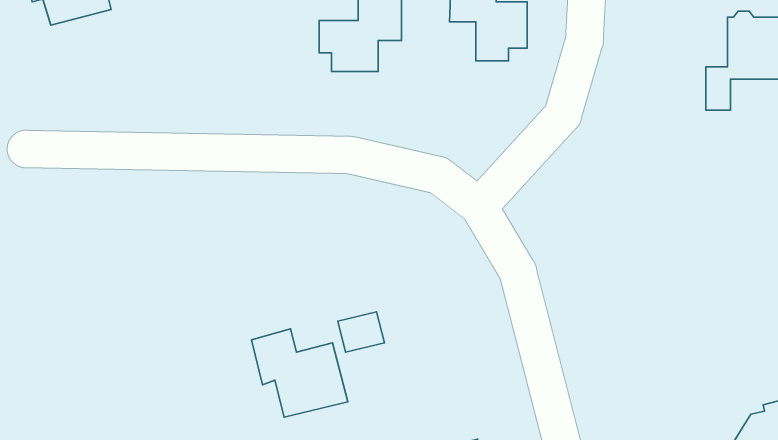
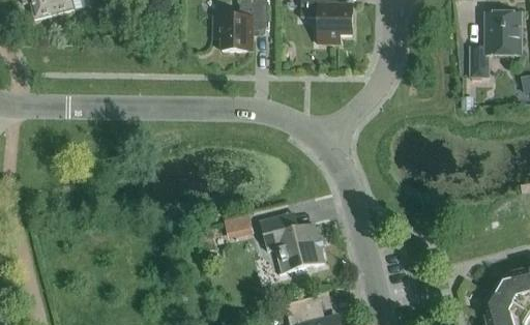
building: [252,329,348,417] -> [260,213,324,272]

